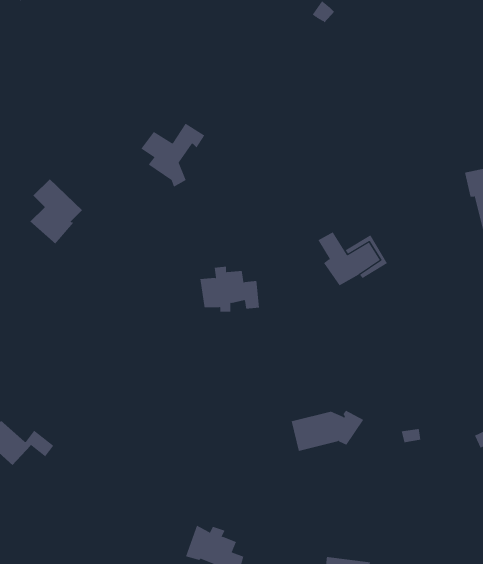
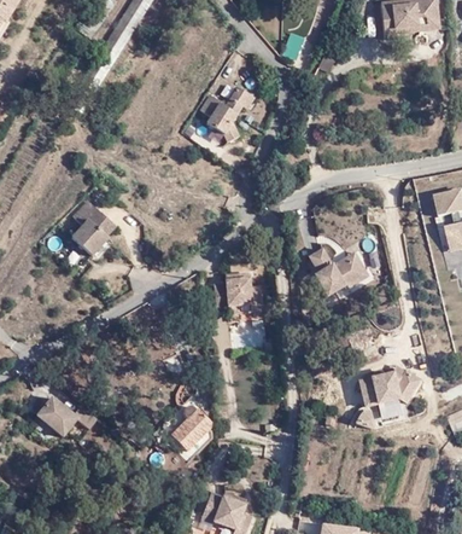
building: [141,123,205,187] -> [197,91,251,145]
building: [291,410,364,451] -> [364,368,426,404]
building: none -> [164,406,206,452]

